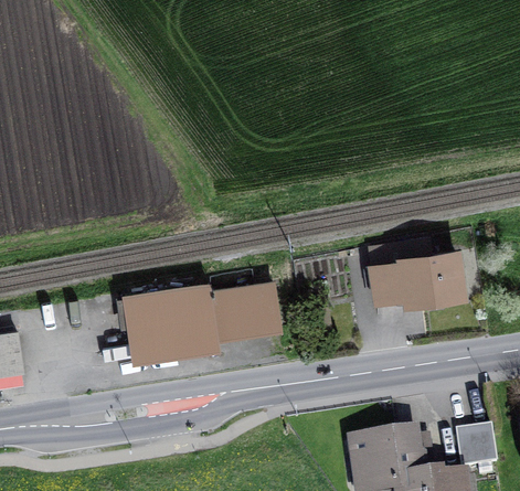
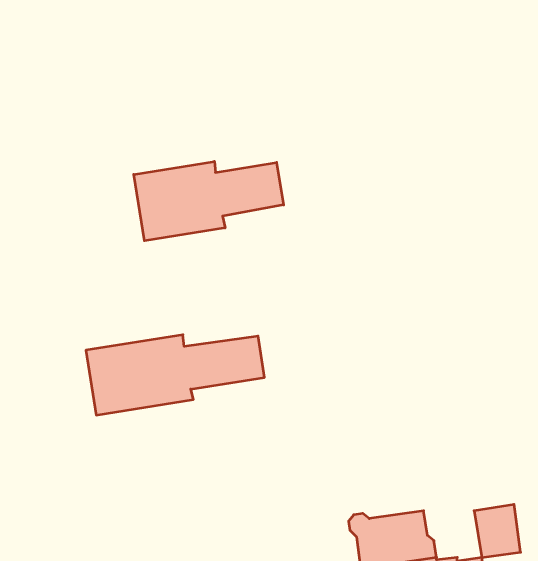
building: none -> [134,161,284,241]
building: [370,242,461,303] -> none

